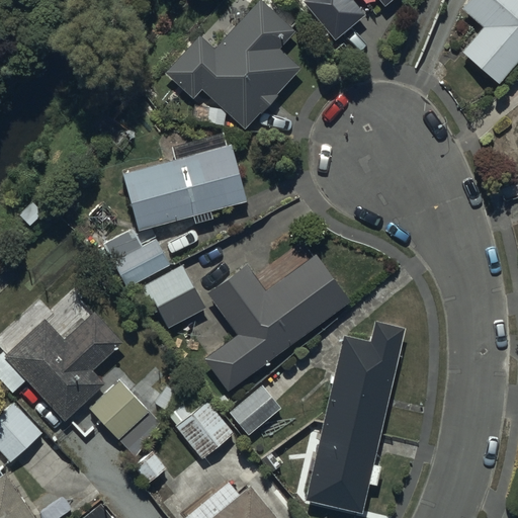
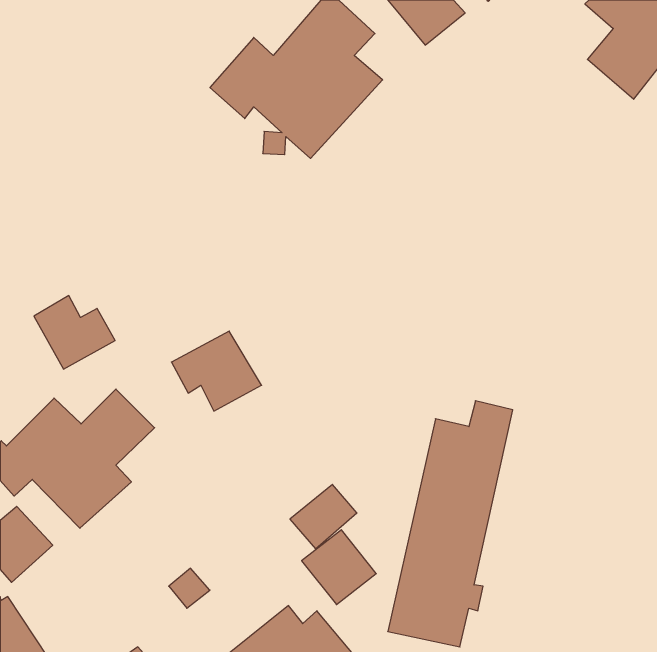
building: [122,133,247,231] -> none
building: [105,230,169,287] -> [34,296,115,369]
building: [203,254,350,391] -> none
building: [89,380,160,456] -> none
building: [175,401,234,459] -> [302,530,376,605]

